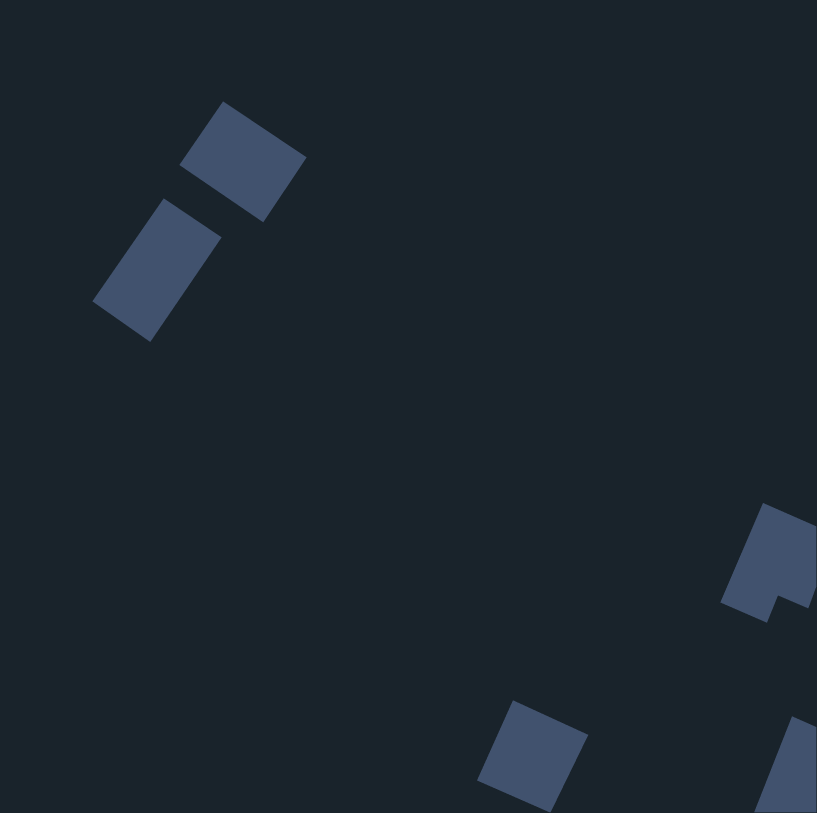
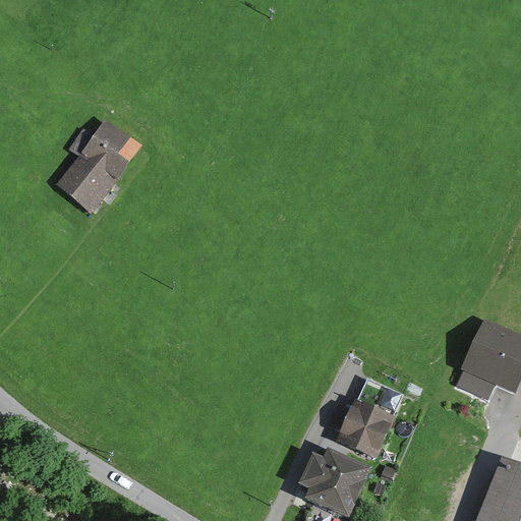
building: [178,100,308,224] -> none
building: none -> [333,398,393,457]

